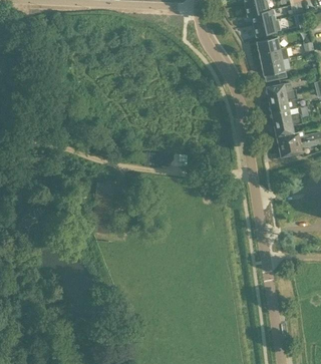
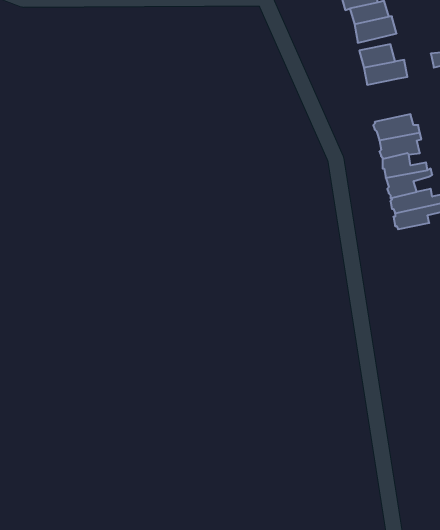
building: [261,60,288,81] -> none

